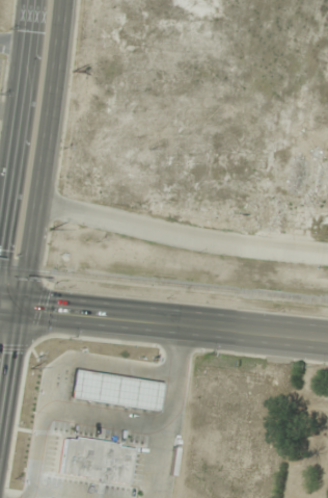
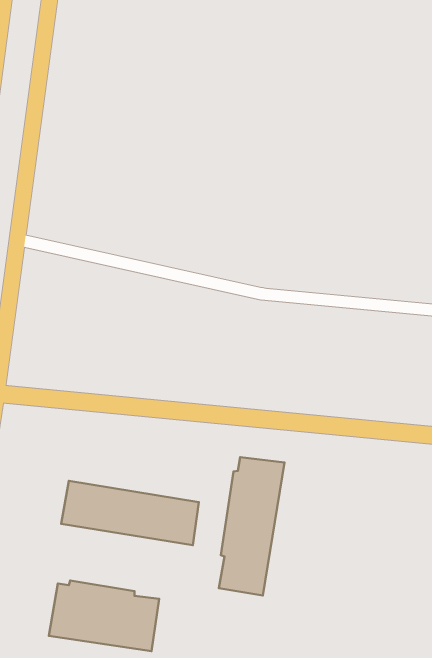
building: none -> [219,457,285,596]

